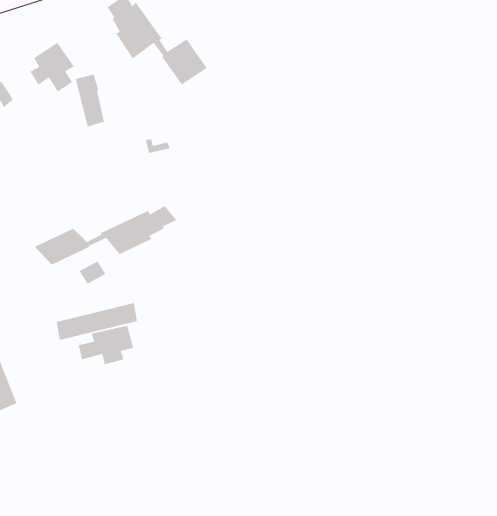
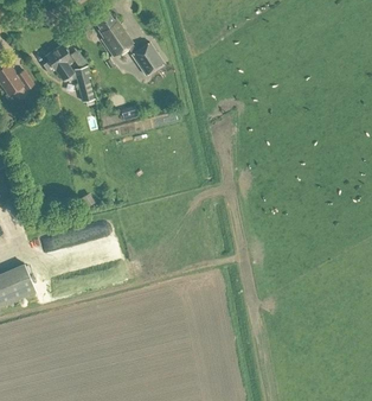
building: [34,205,177,265] -> none
building: [78,325,134,365] -> none

